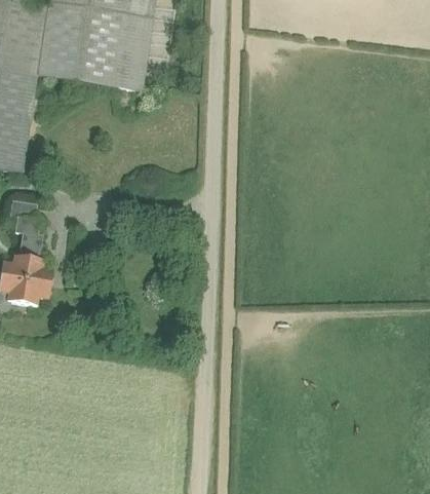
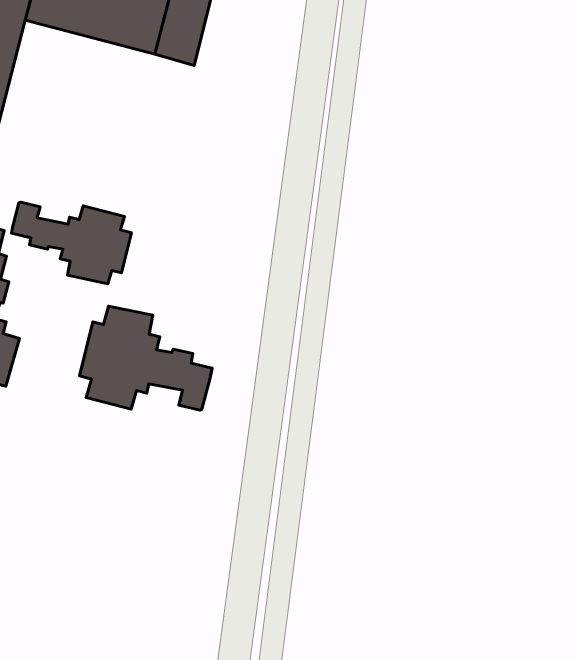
building: none -> [11,202,132,284]
building: none -> [79,306,212,410]

